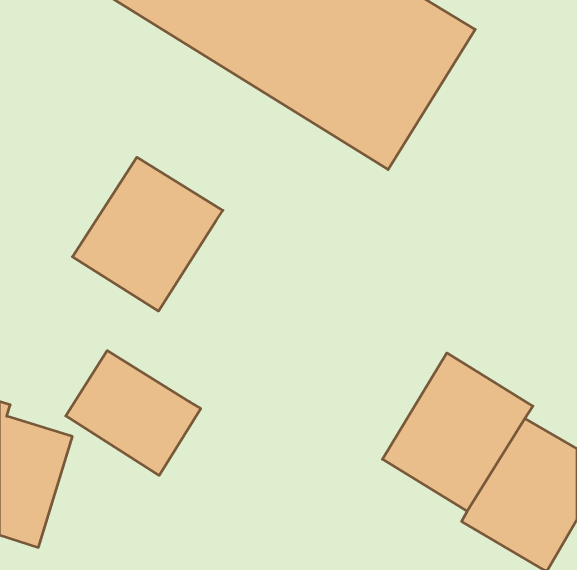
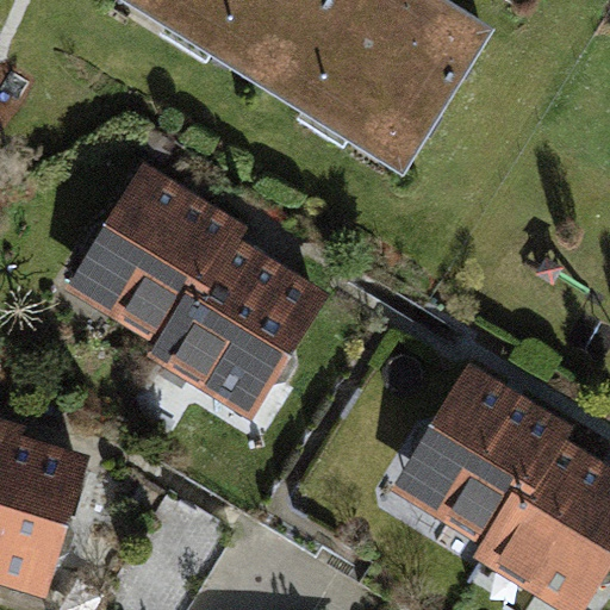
building: none -> [160,232,318,396]
building: [66,351,201,475] -> none

